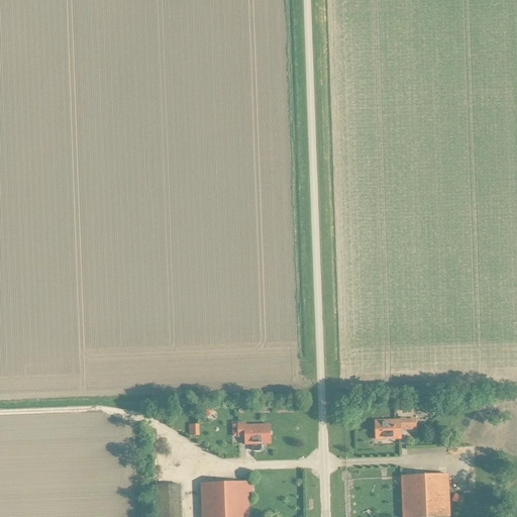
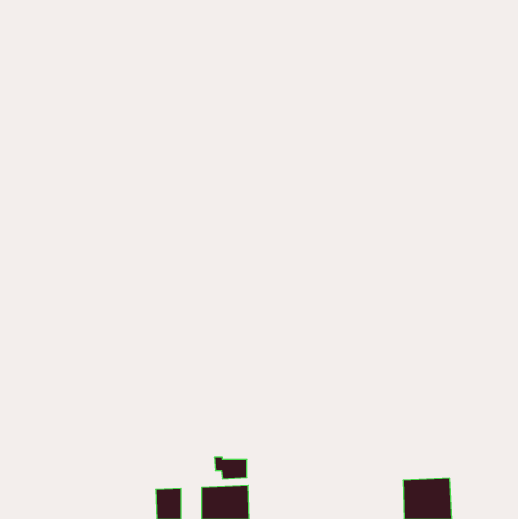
building: [377,420,402,439] -> none
building: [238,423,271,444] -> [214,457,247,479]

